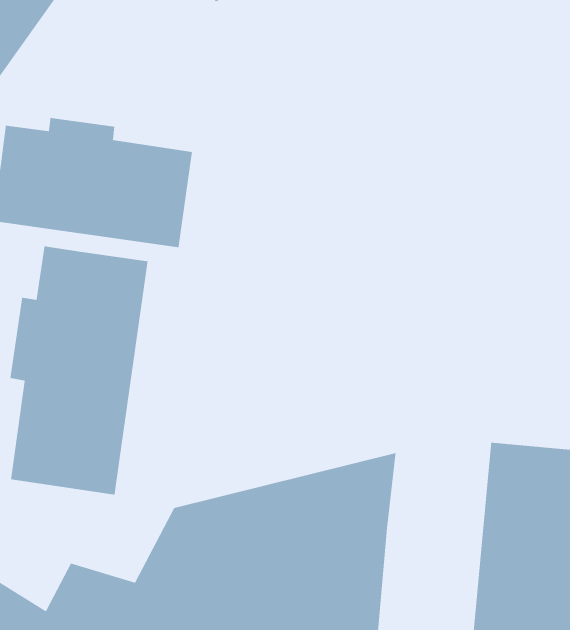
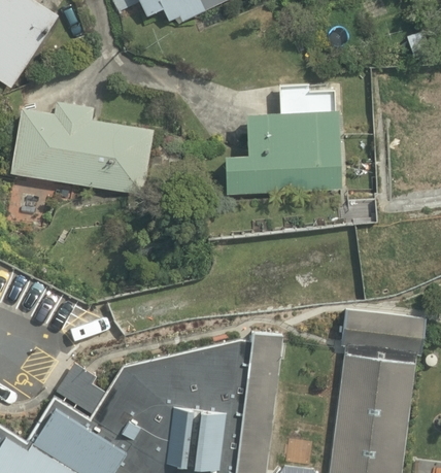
building: none -> [212,86,339,194]
building: [9,245,148,495] -> none

